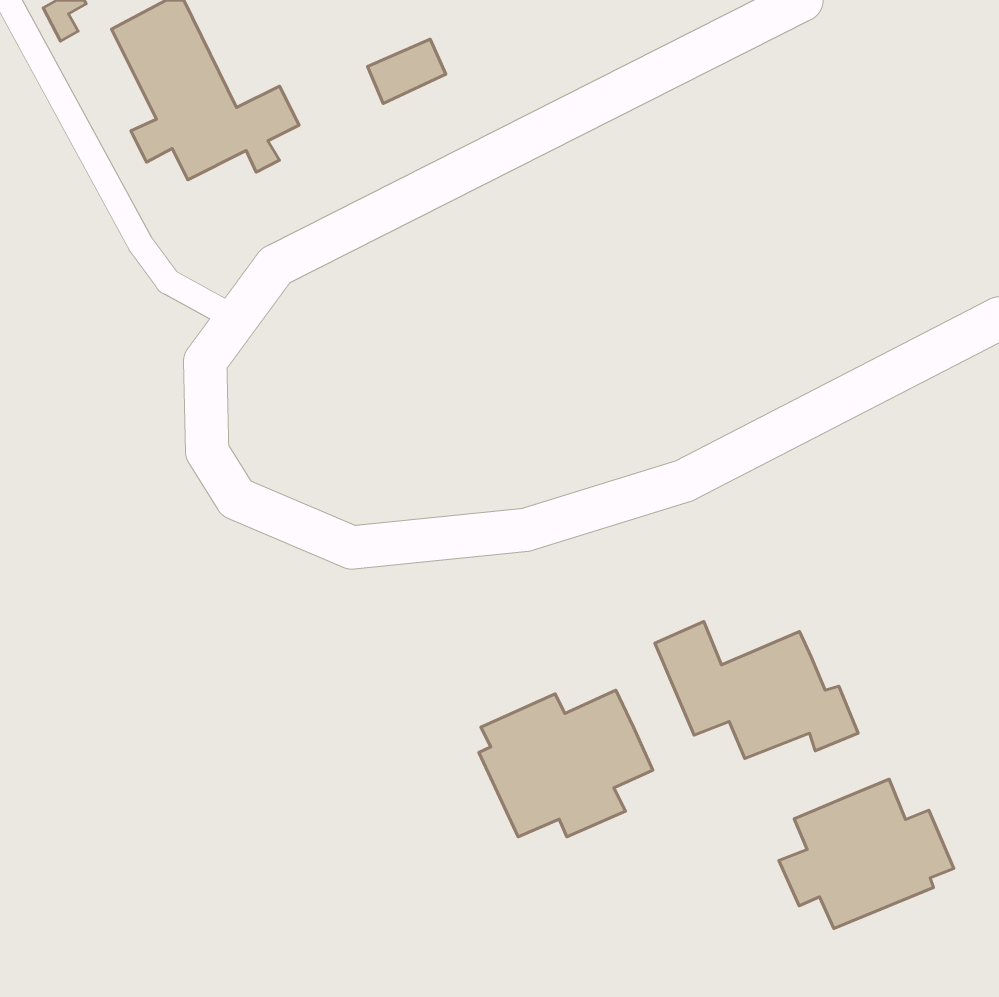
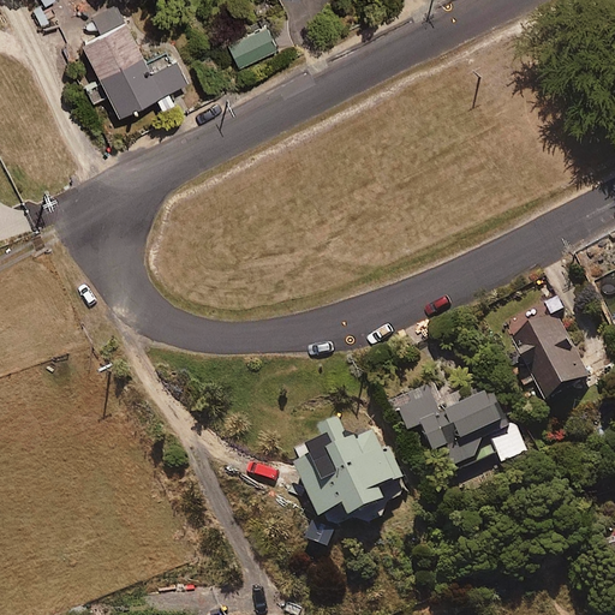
building: none -> [509,312,589,398]
building: [779,779,954,929] -> none

